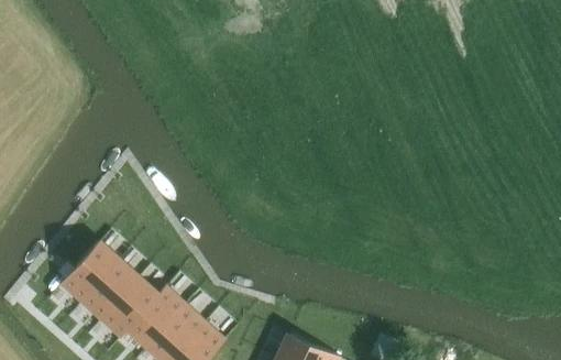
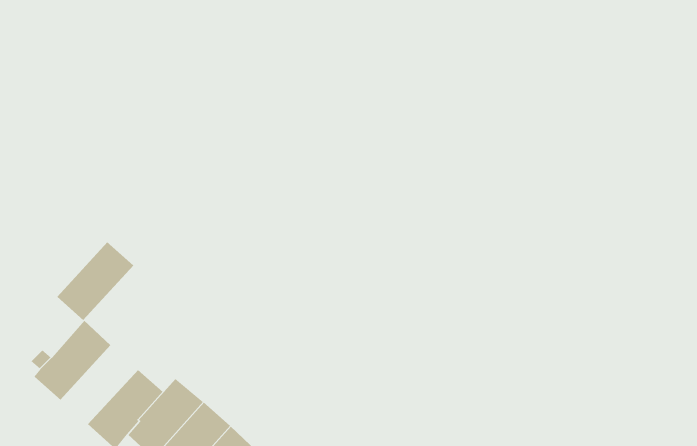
building: [79,260,136,318] -> [56,242,134,321]

